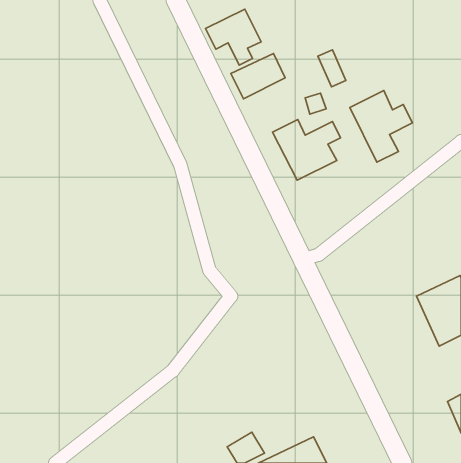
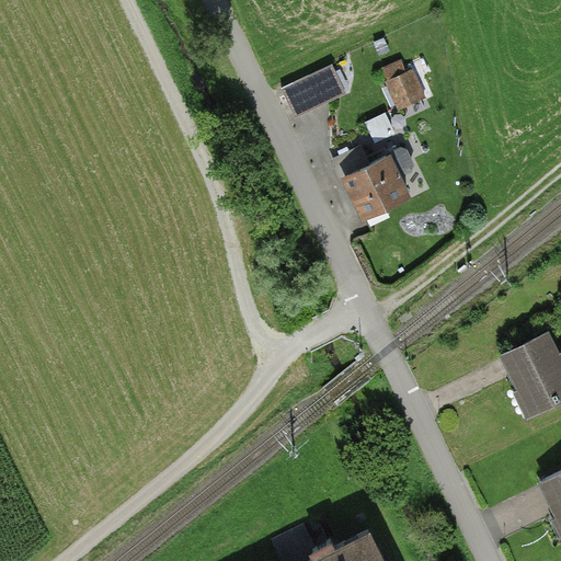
building: [206,9,261,65] -> none
building: [350,91,413,162] -> none

